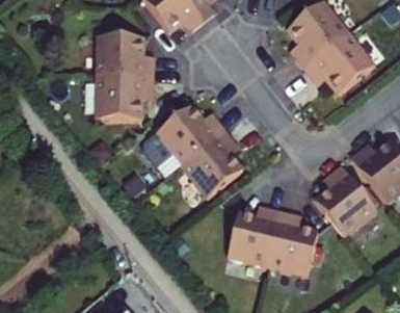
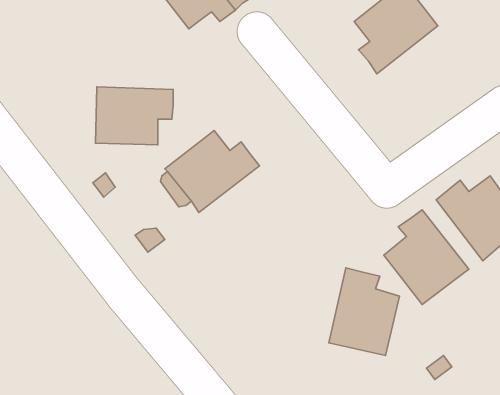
building: [305,31,375,93] -> none
building: [100,35,157,78] -> none
building: [175,134,236,201] -> none
building: [232,204,283,264] -> none

